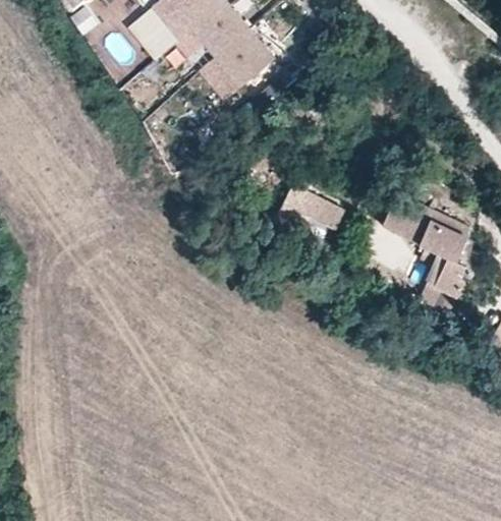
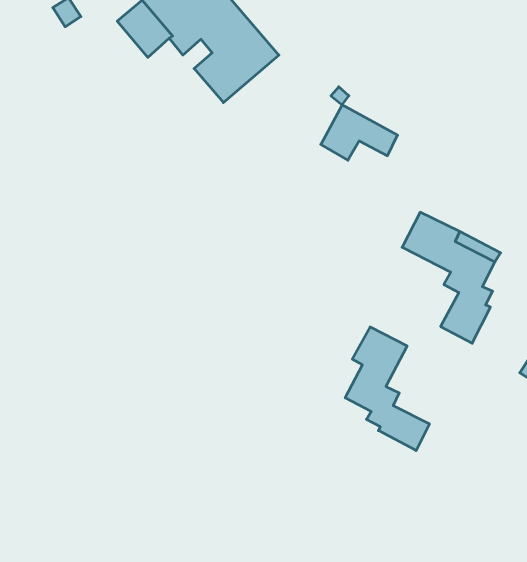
building: [279,185,348,235] -> [321,105,398,160]
building: none -> [345,327,429,451]

